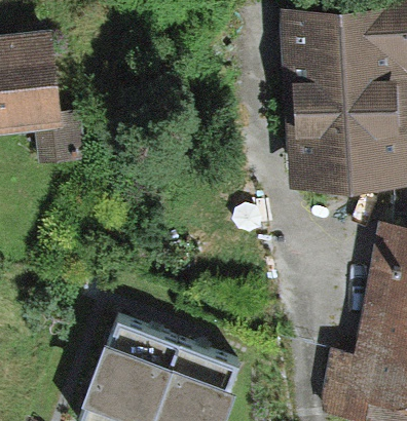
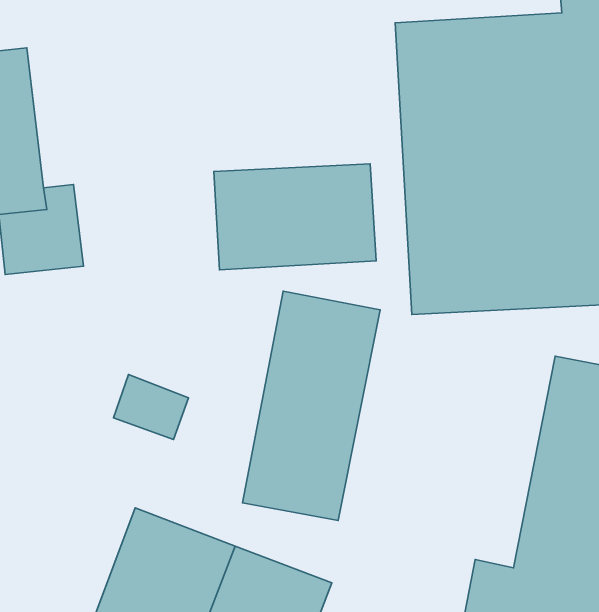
building: none -> [214,164,376,270]
building: none -> [243,291,380,521]

